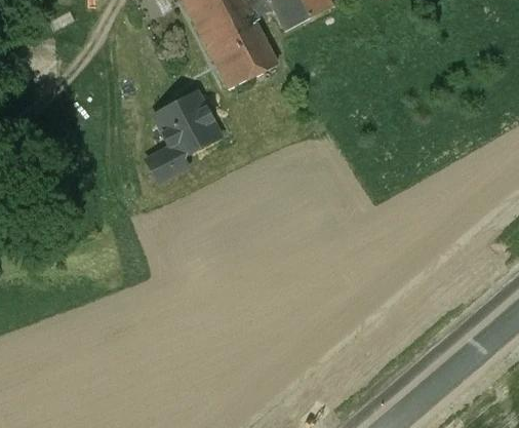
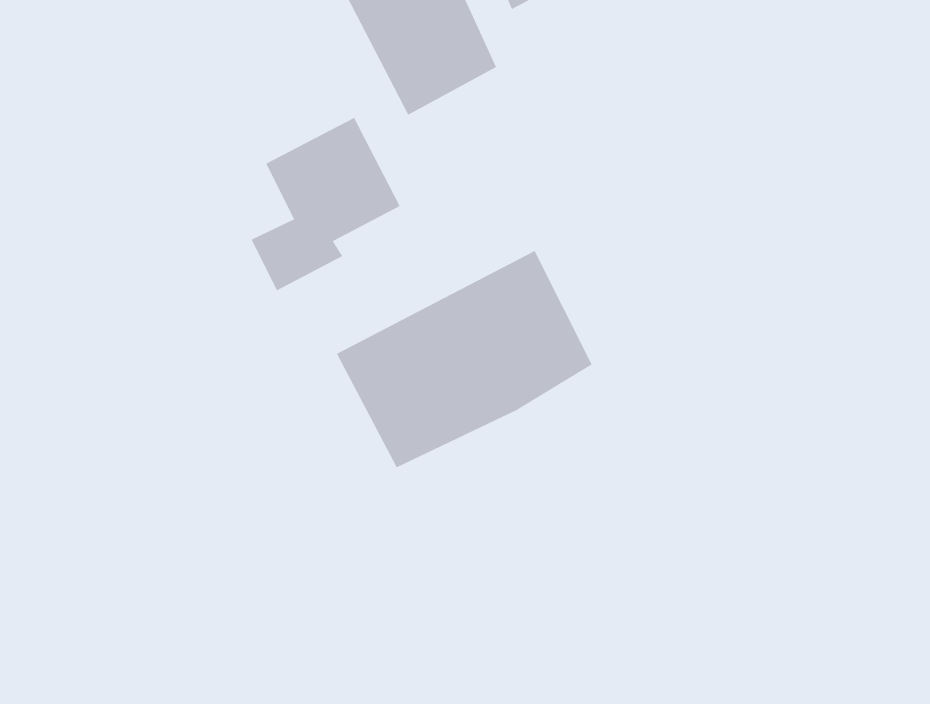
building: none -> [336,250,592,468]

